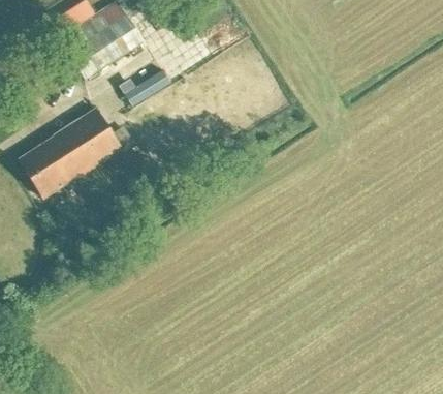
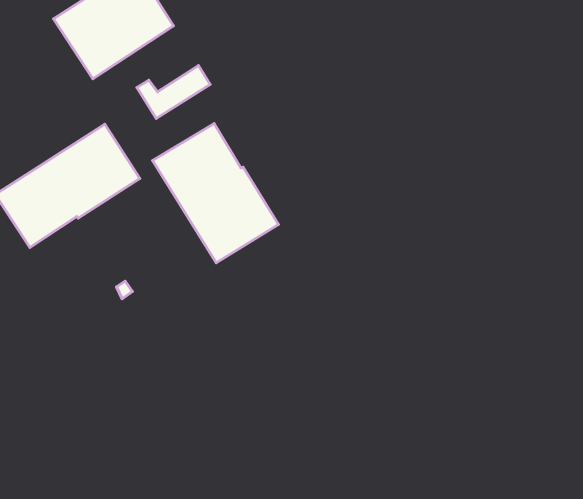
building: none -> [152,124,279,263]

